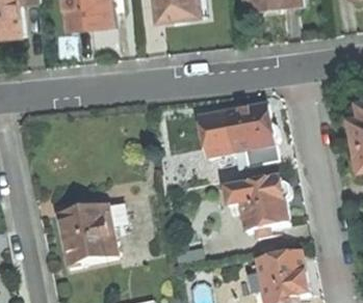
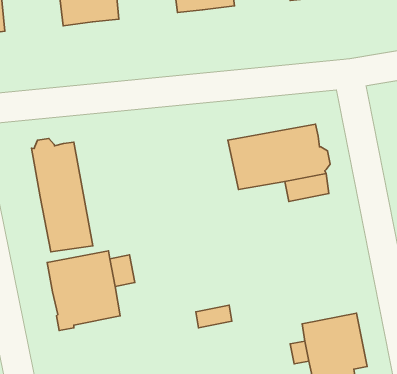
building: none -> [32,138,93,252]
building: [224,176,288,230] -> none

